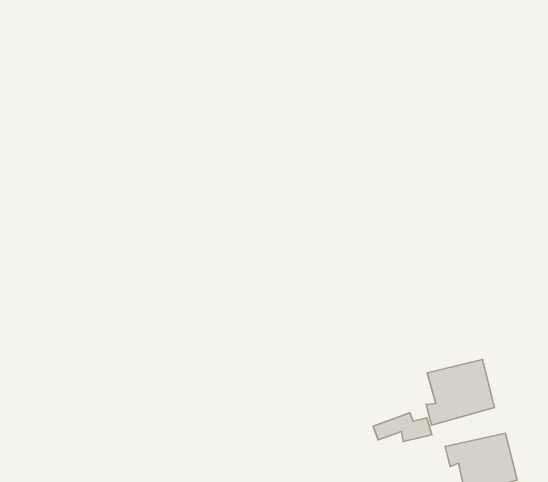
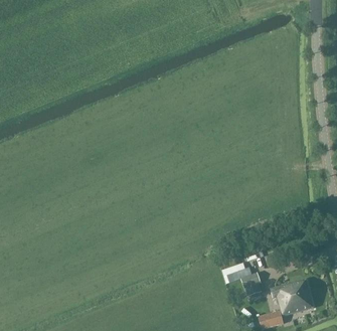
building: [426,360,494,425] -> none

